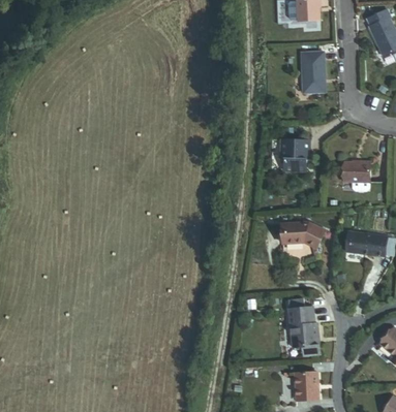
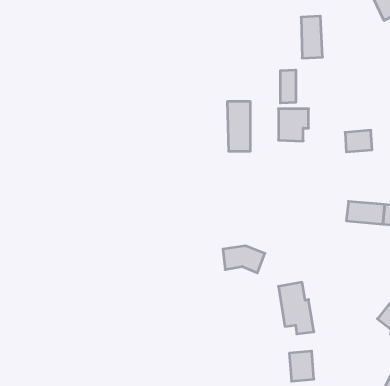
building: none -> [280,70,296,103]
building: none -> [228,101,250,151]
building: [275,224,315,250] -> [223,246,265,273]

